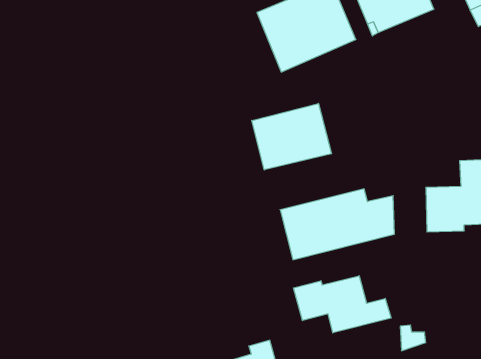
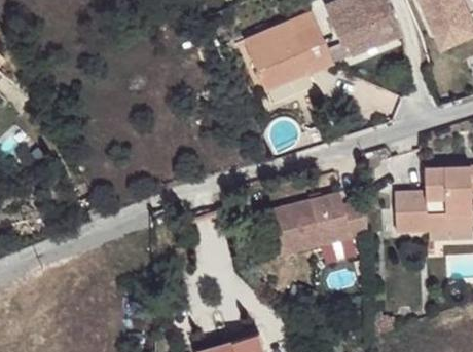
building: [252,103,332,170] -> none
building: [294,276,391,333] -> none

